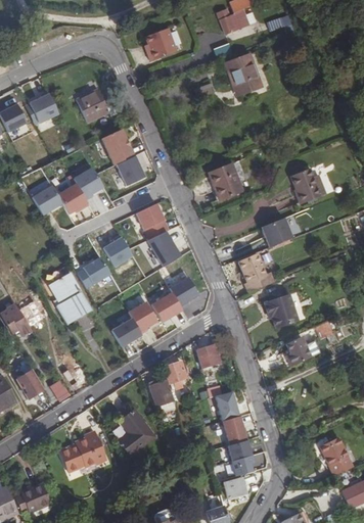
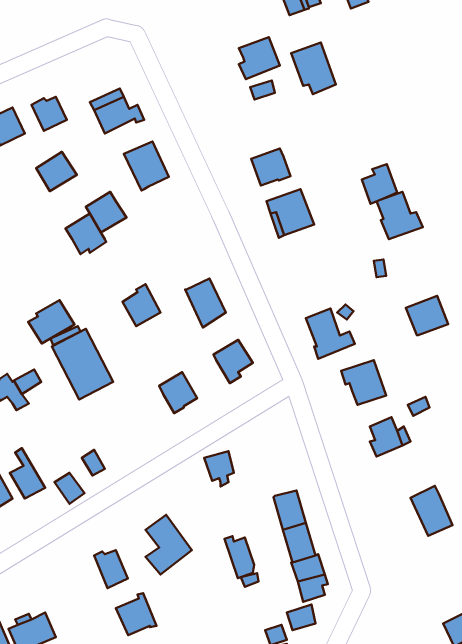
building: [146,28,177,59] -> [239,37,280,79]
building: none -> [251,149,291,186]
building: none -> [362,164,397,204]
building: [117,155,145,186] -> none
building: [32,185,62,215] -> [36,152,77,191]
building: [136,203,169,240] -> none
building: [261,217,292,246] -> [406,296,448,335]
building: [76,256,110,289] -> [28,300,74,343]
building: [150,293,182,323] -> none
building: [110,319,141,347] -> none
building: [196,344,221,368] -> none
building: [149,379,172,411] -> [224,536,254,578]
building: [319,437,351,475] -> [410,486,452,536]
building: [58,440,89,472] -> [116,593,157,635]

